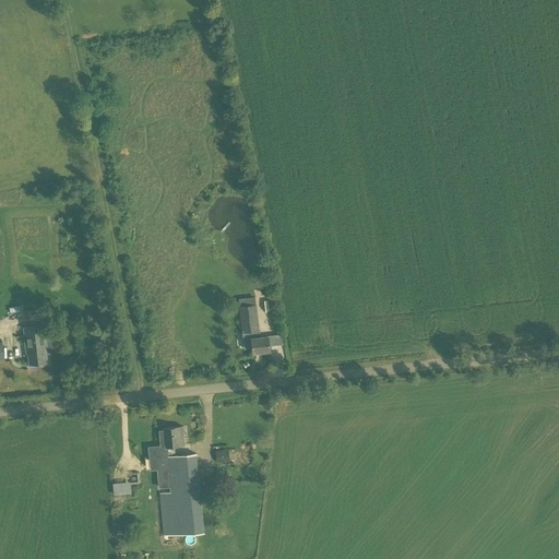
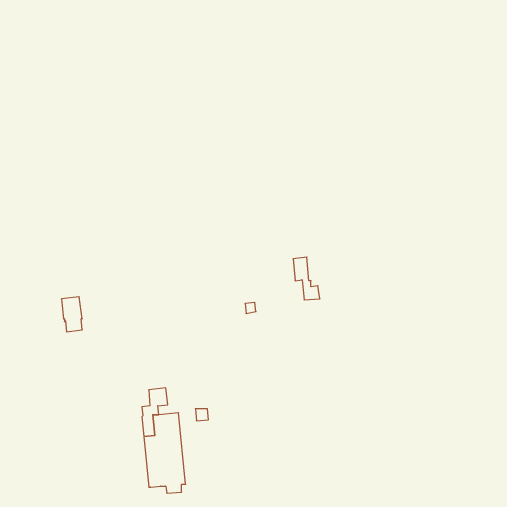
building: [240,306,270,353] -> [293,257,320,300]
building: [24,326,47,365] -> [61,297,82,332]

